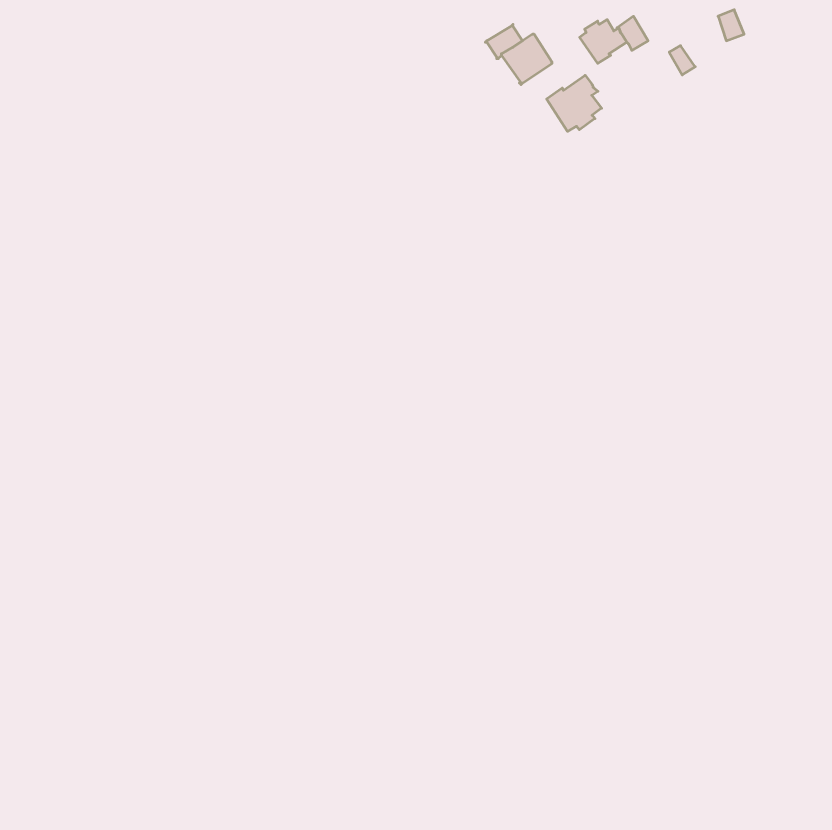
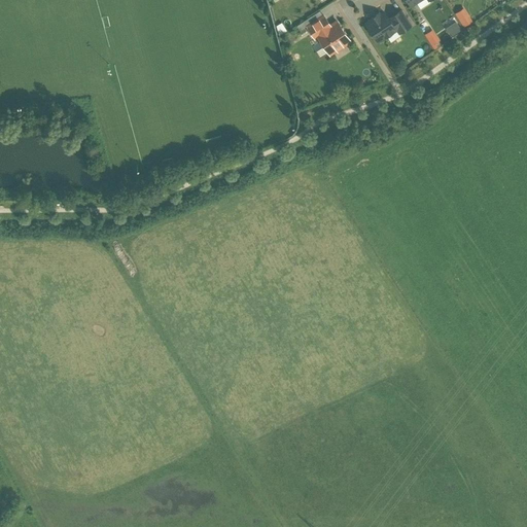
building: [547,75,602,131] -> none

